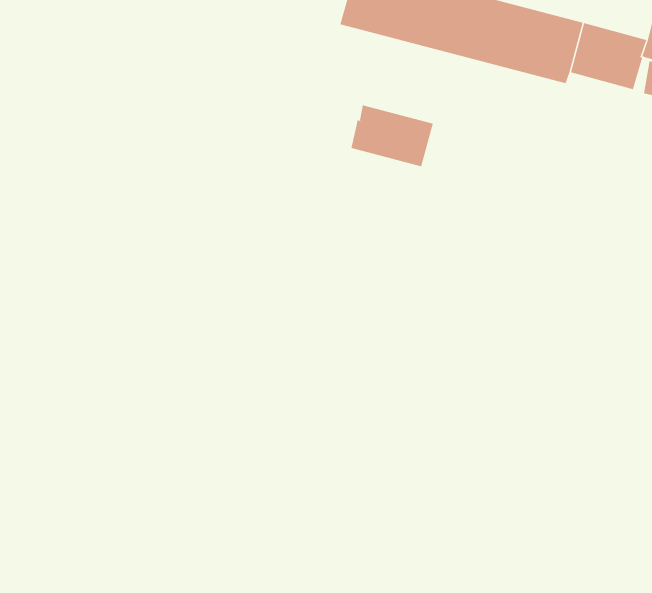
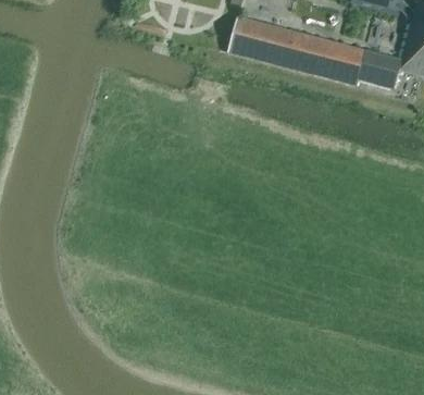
building: [351,104,433,167] -> none

